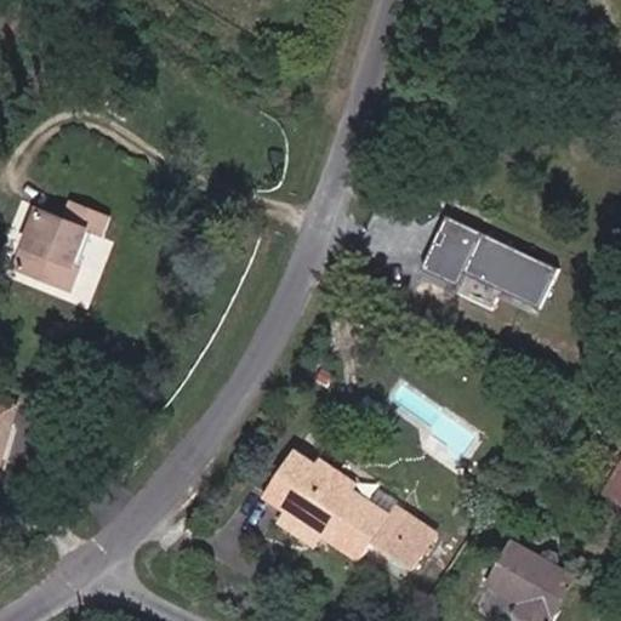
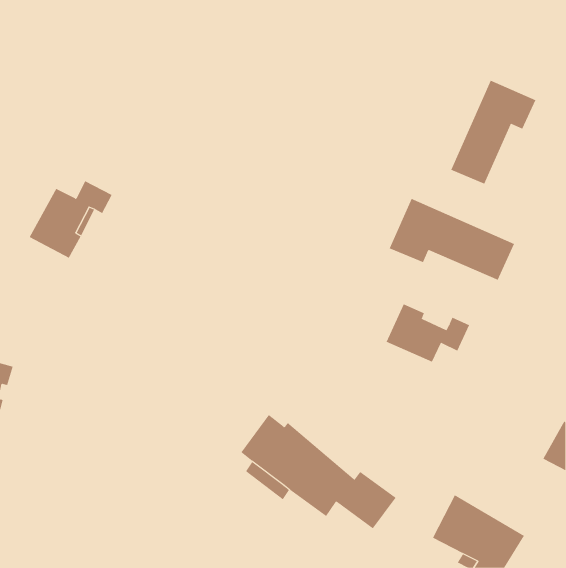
building: none -> [451,80,536,184]
building: none -> [386,303,470,363]

